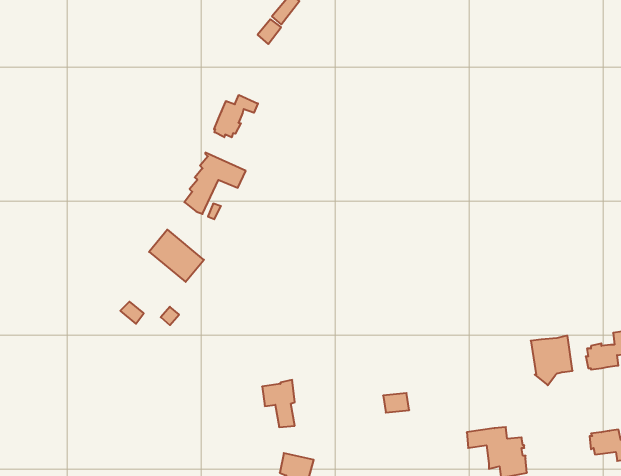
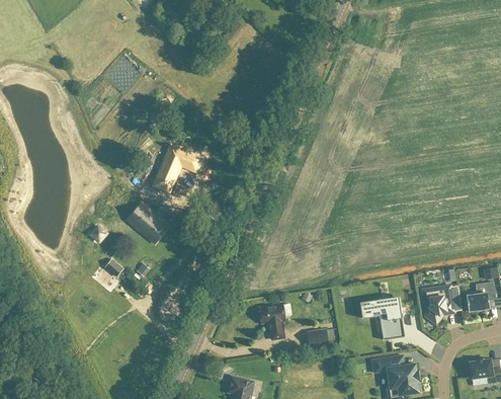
building: [214,95,258,137] -> none
building: none -> [360,297,404,339]
building: [262,380,295,427] -> [259,303,284,339]

